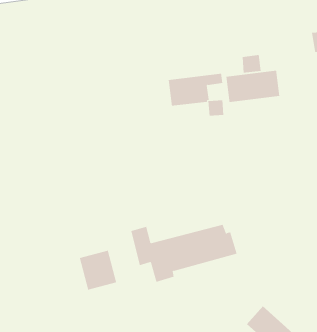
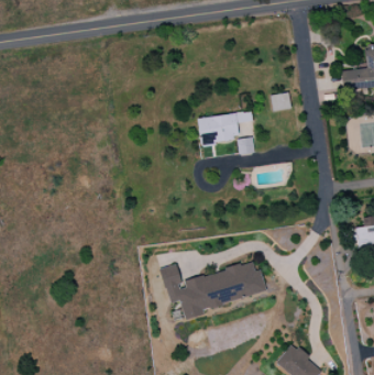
building: [226,70,280,103] -> none
building: [79,250,117,290] -> none

